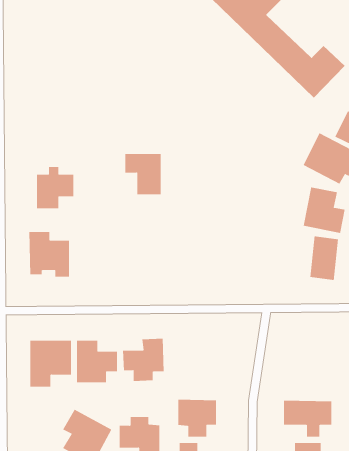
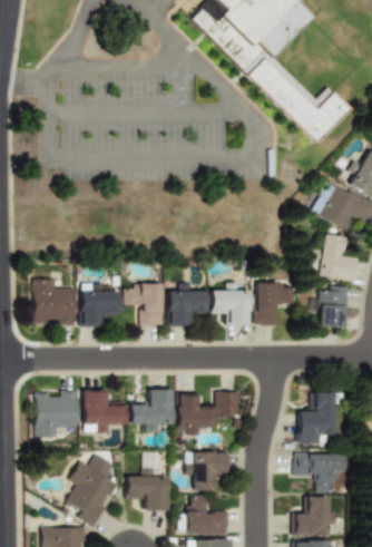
building: [125,153,162,195] -> [124,284,161,326]
building: [36,167,74,209] -> [79,284,118,328]
building: none -> [255,283,294,326]
building: none -> [211,286,248,325]
building: none -> [167,290,205,325]
building: none -> [176,391,239,436]
building: none -> [297,392,334,443]

